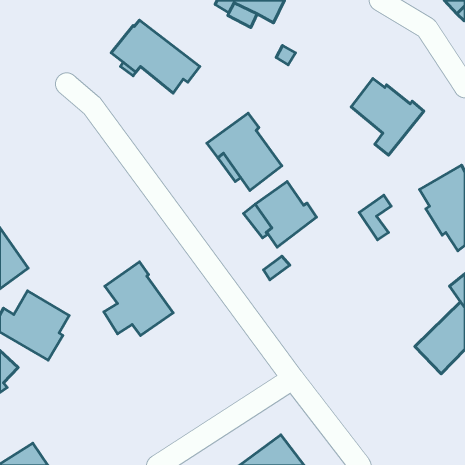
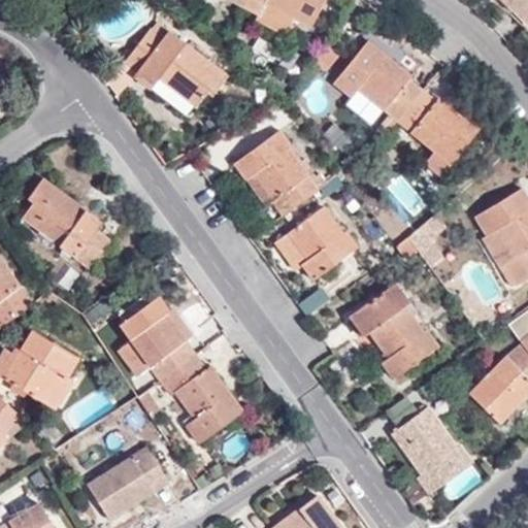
building: none -> [333,40,422,122]
building: none -> [21,179,110,270]
building: none -> [350,284,438,378]
building: none -> [159,355,242,442]
building: none -> [393,407,472,494]
building: none -> [88,447,168,520]

